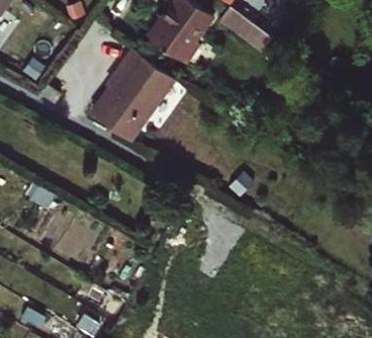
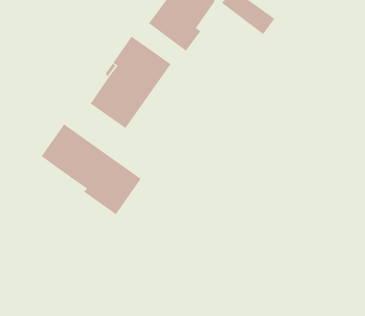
building: none -> [41,124,142,215]

